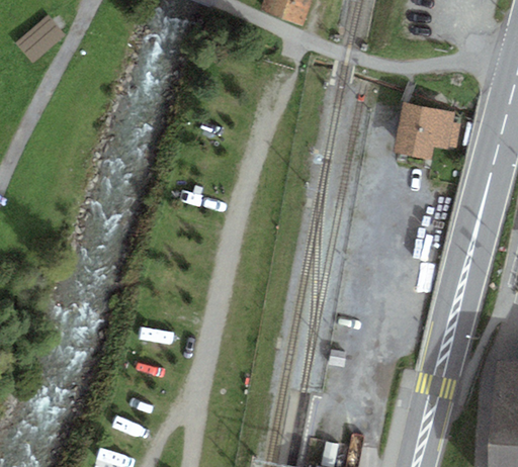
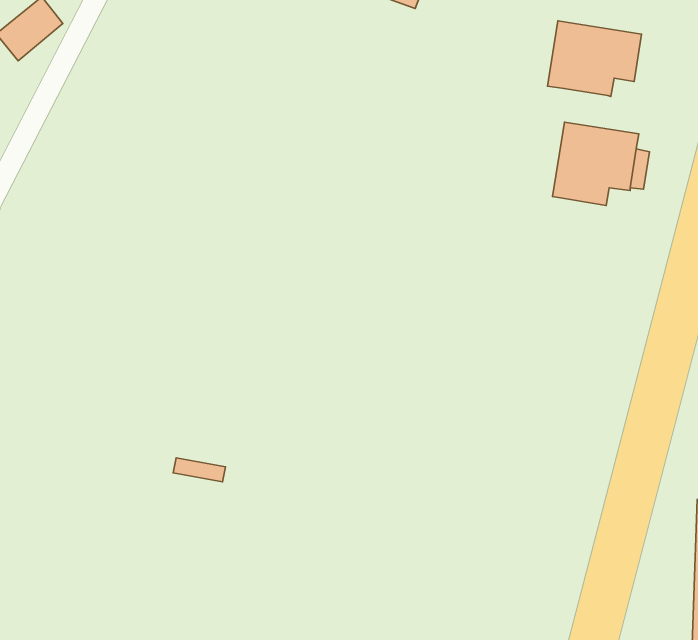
building: none -> [547,21,641,97]

